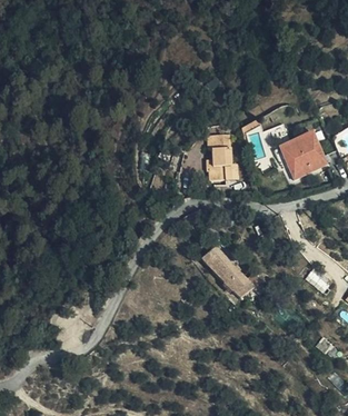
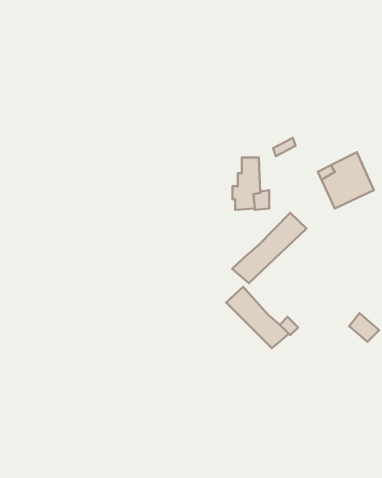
building: none -> [232,213,306,283]

